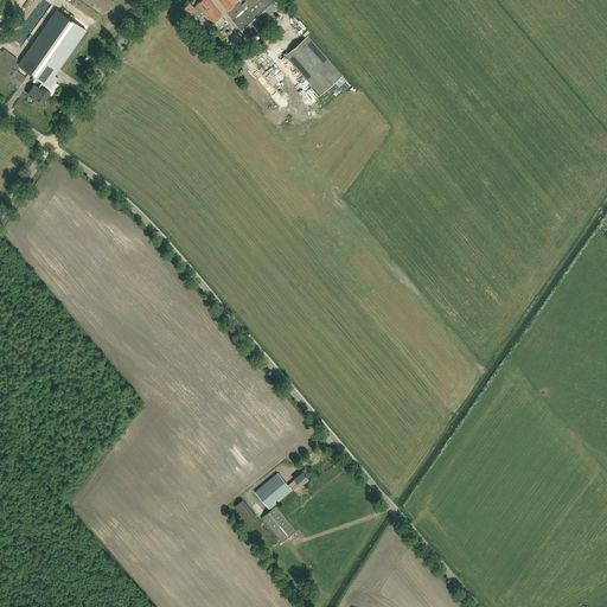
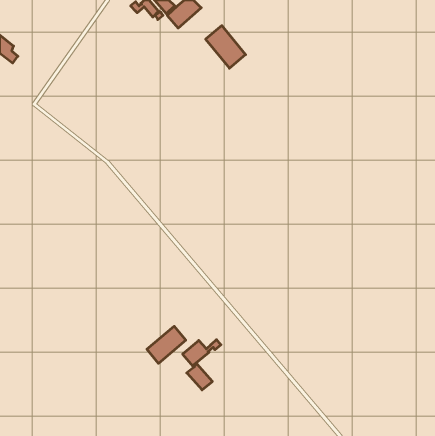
building: [25,11,83,103] -> none
building: none -> [147,326,186,363]

